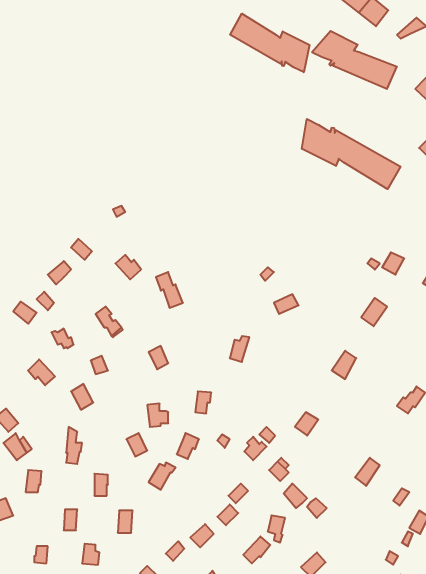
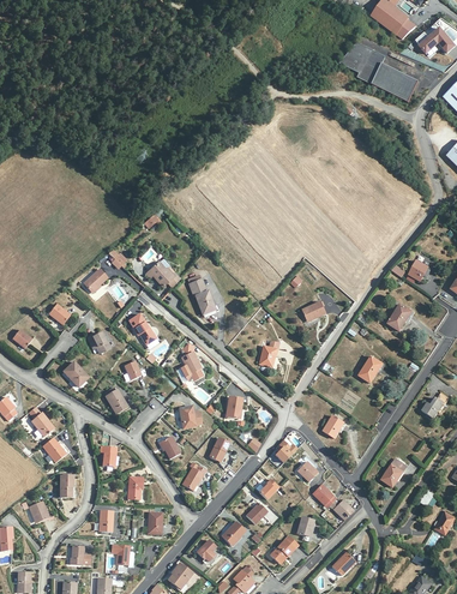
building: [230,14,310,72] -> none
building: [302,119,400,189] -> none

